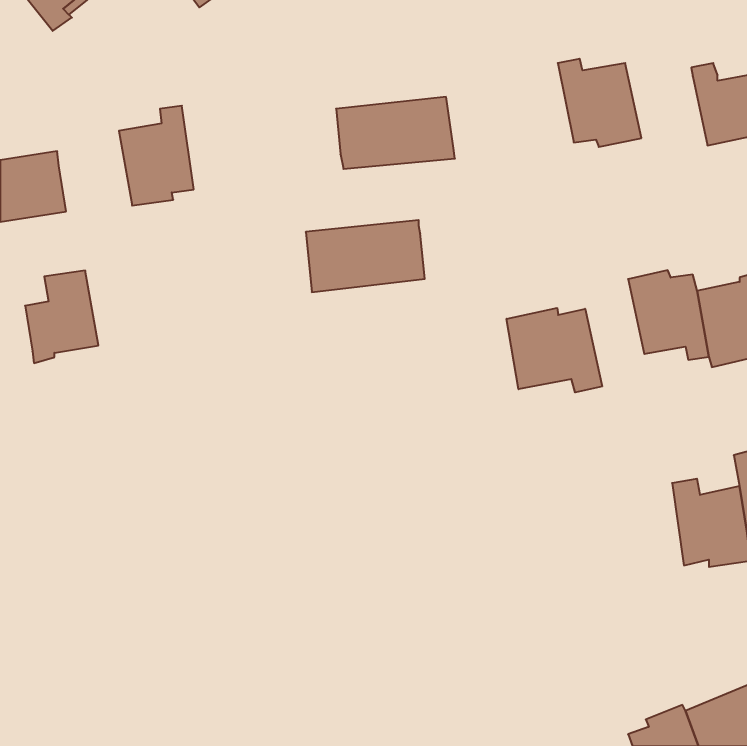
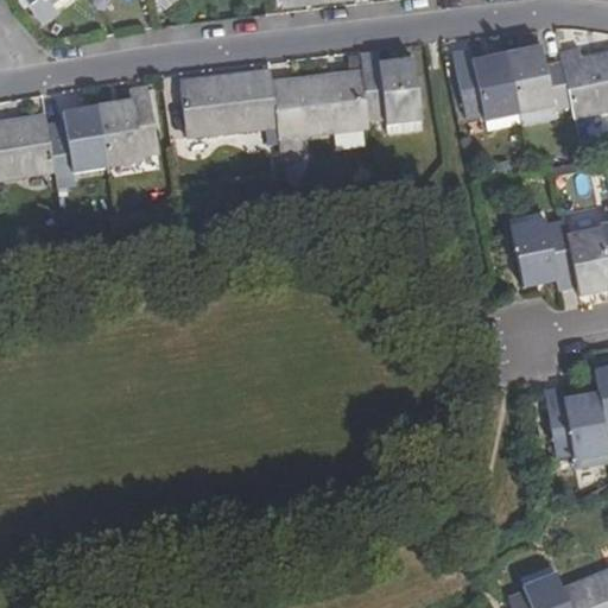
building: none -> [508,44,572,112]
building: none -> [361,53,422,126]
building: [306,220,425,292] -> [182,77,278,135]
building: [25,271,98,363] -> [50,106,109,180]
building: [507,308,602,392] -> none

